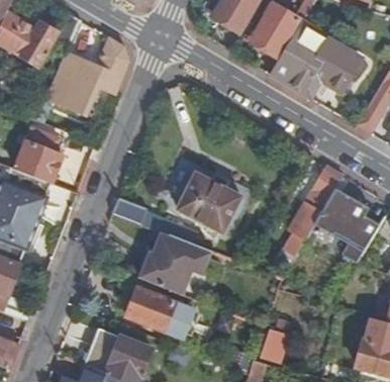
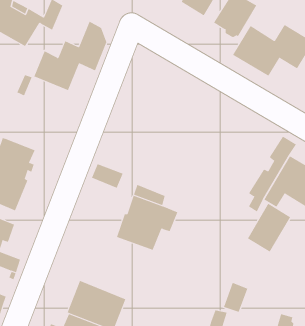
building: [15,129,62,183] -> none
building: [163,174,240,232] -> none
building: none -> [247,203,291,253]
building: [126,289,197,340] -> none

